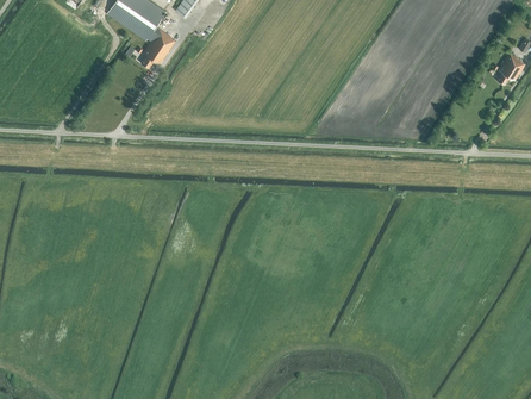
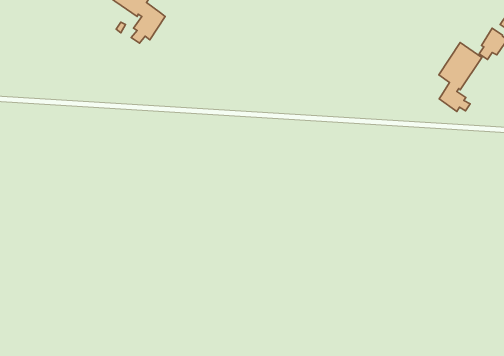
building: none -> [439,43,482,111]

